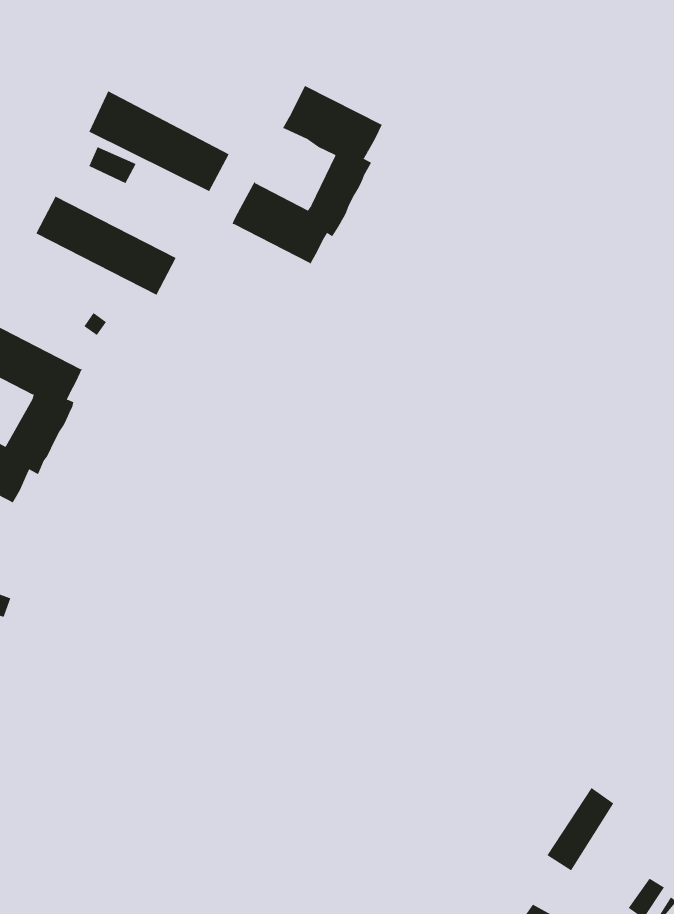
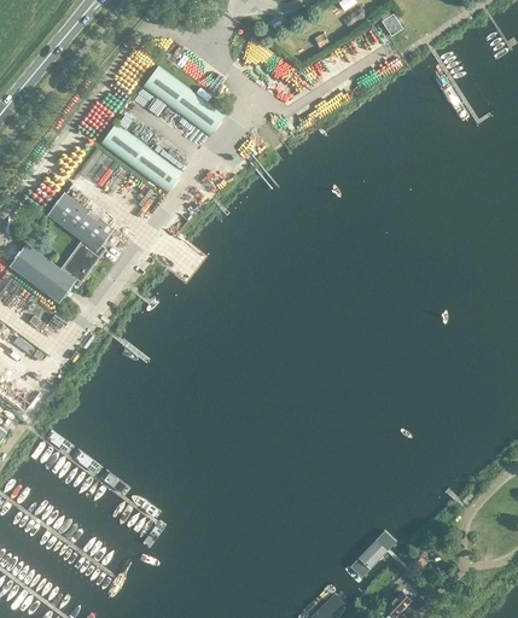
building: [232,85,382,265] -> none

